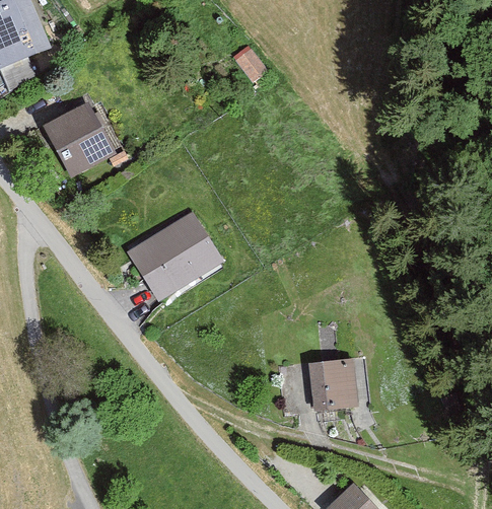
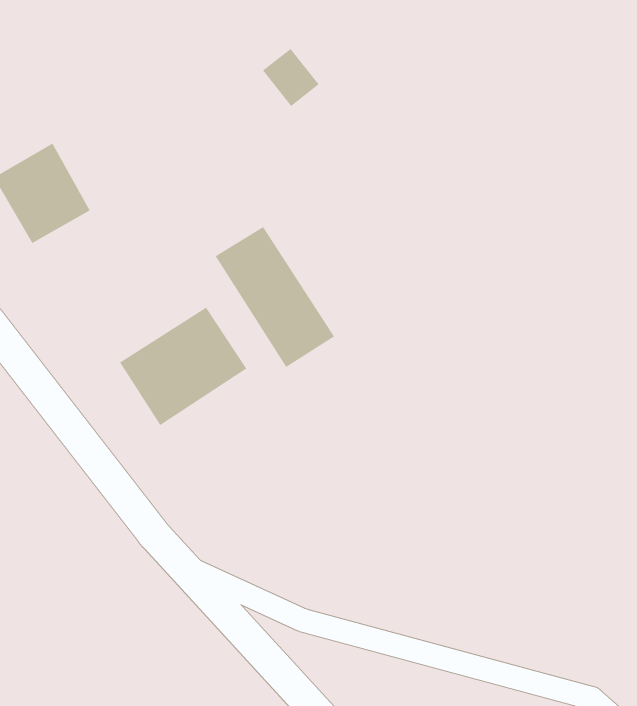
building: none -> [215,226,335,368]
building: [312,363,354,408] -> none

